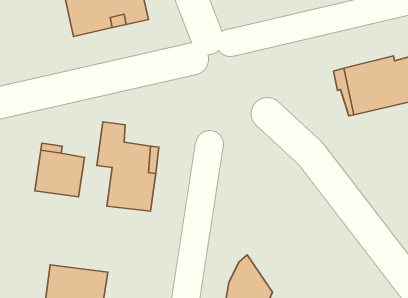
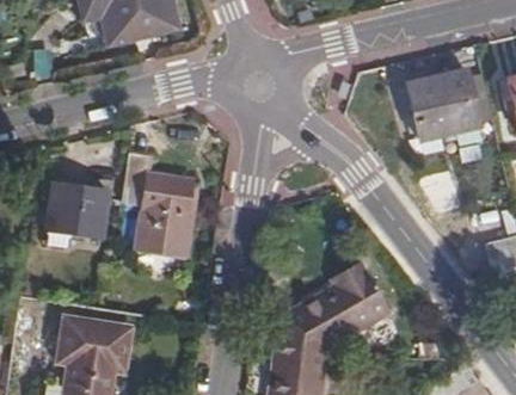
building: none -> [295,265,389,351]

